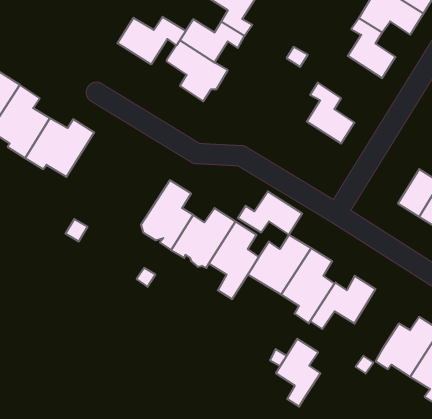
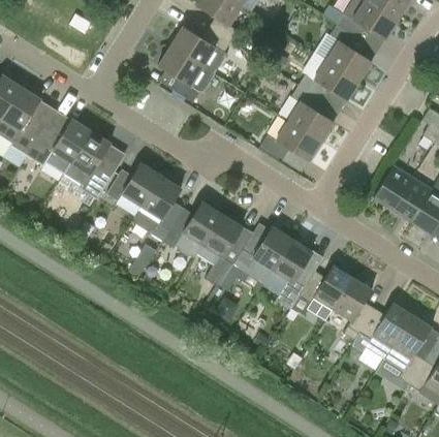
building: [117,17,186,64] -> none
building: none -> [299,60,358,100]
building: none -> [65,131,118,198]
building: none -> [106,162,161,206]
building: [238,191,302,235] -> [260,121,320,161]
building: [276,339,320,407] -> [333,277,374,340]

